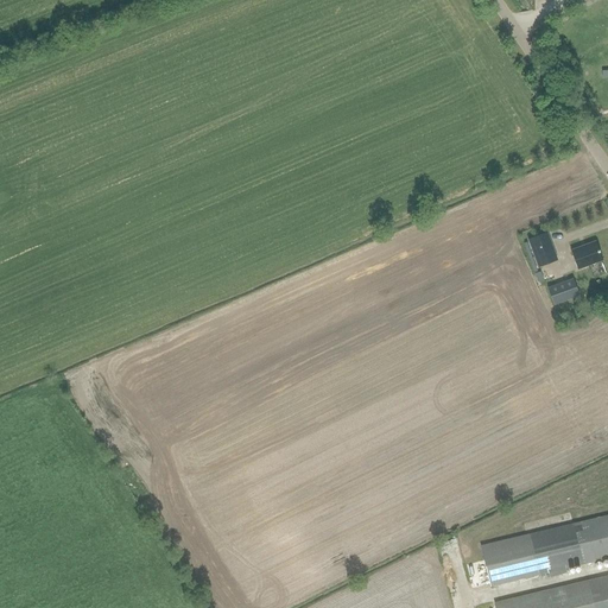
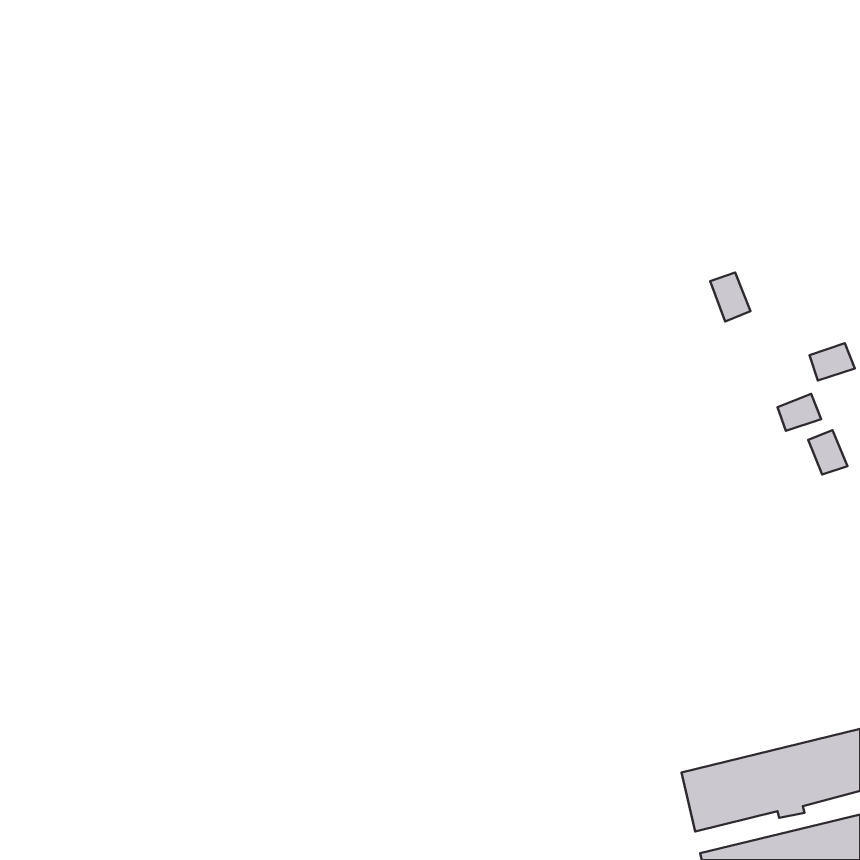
building: [528,233,557,267] -> [710,273,750,321]
building: none -> [808,430,847,475]

